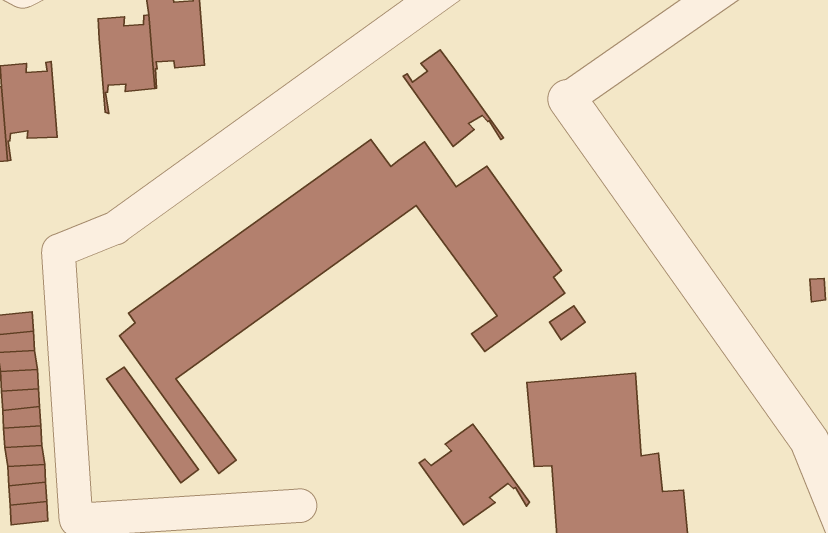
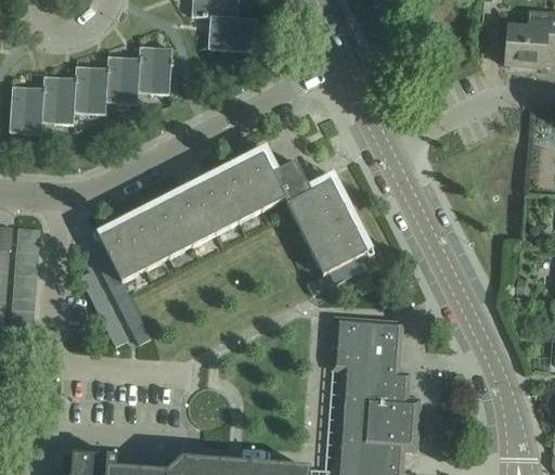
building: none -> [72,64,106,123]
building: [403,50,504,146] -> none
building: [419,424,529,525] -> none

